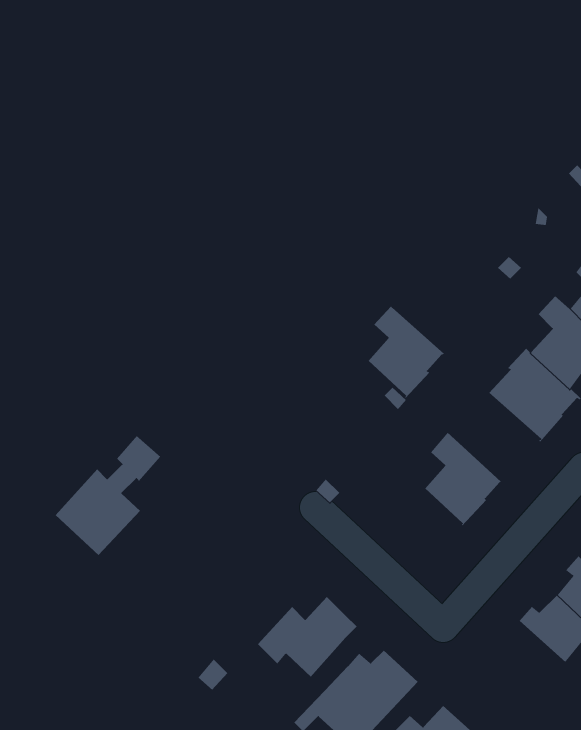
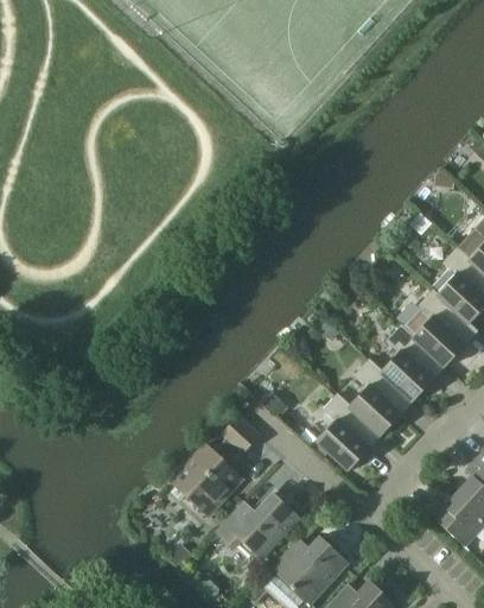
building: [368,306,445,399] -> [384,324,447,400]
building: [55,435,161,556] -> [172,416,259,514]
building: none -> [310,392,383,469]

